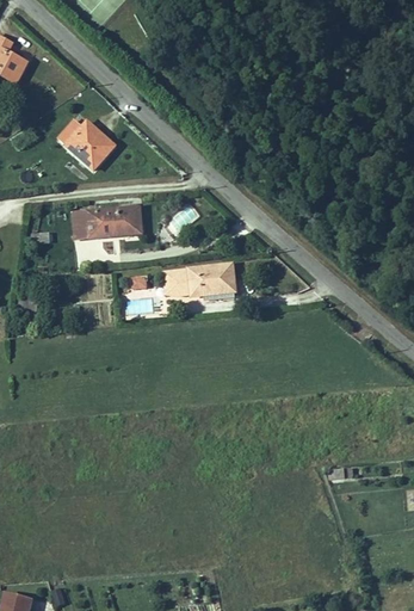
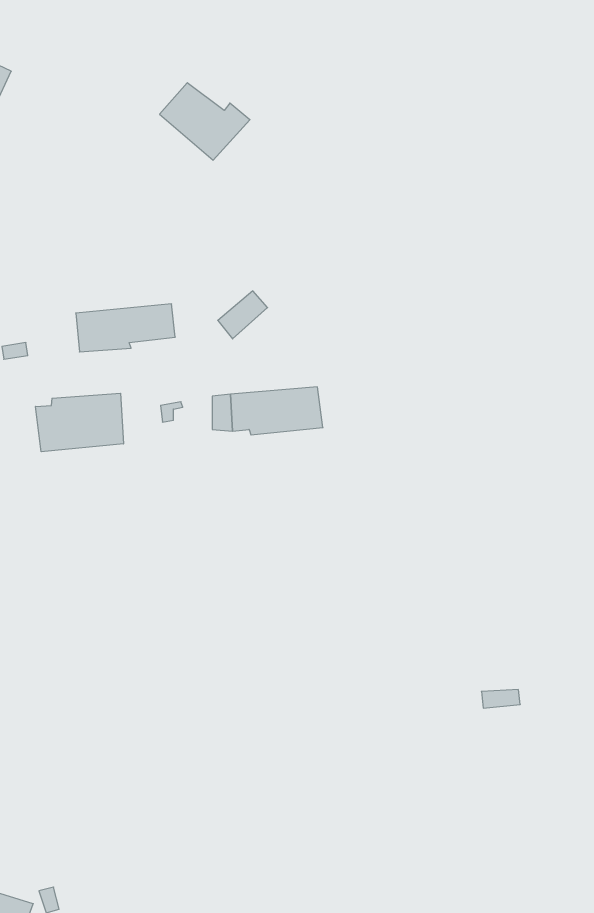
building: [60,121,118,171] -> [160,83,250,160]
building: none -> [36,393,123,452]

